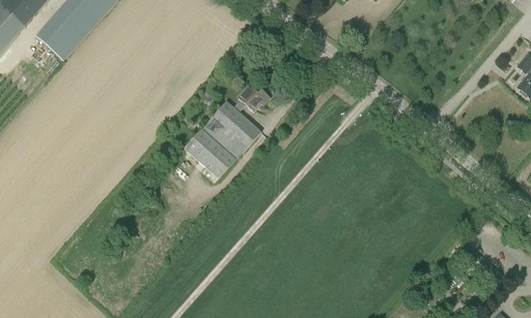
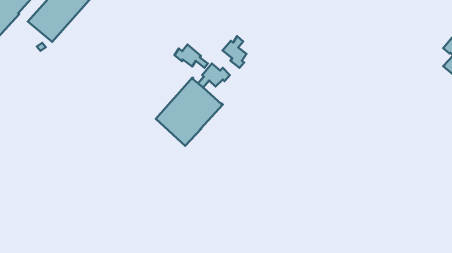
building: none -> [223,36,246,68]
building: none -> [174,44,208,68]

